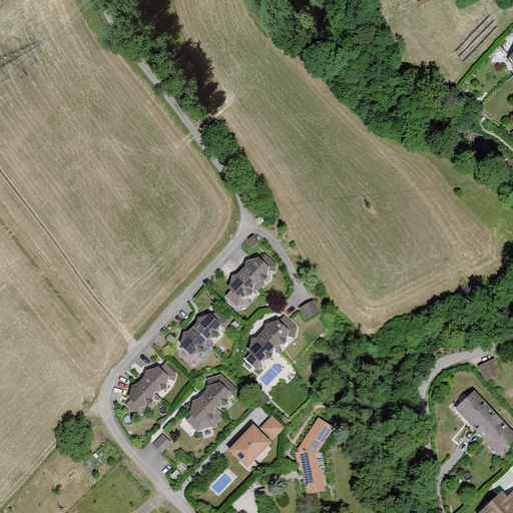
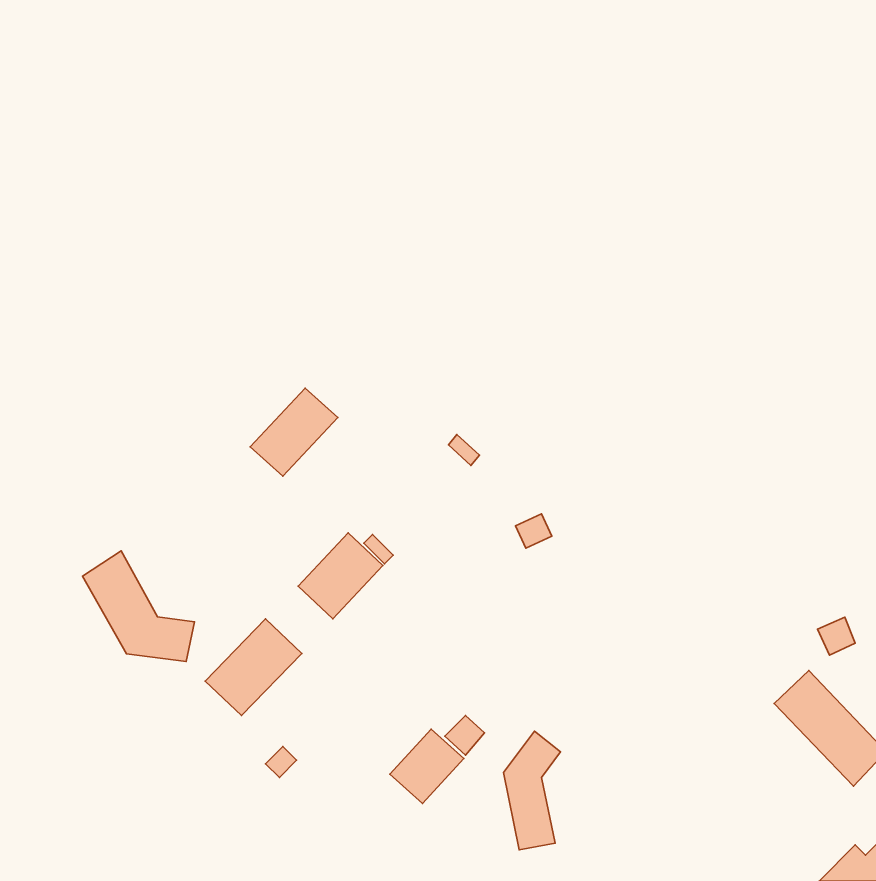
building: [222,253,274,305] -> [250,388,338,476]
building: [247,315,299,366] -> none
building: none -> [83,551,195,661]
building: [183,375,239,433] -> none

